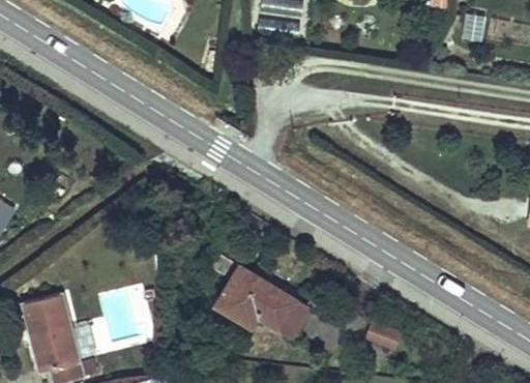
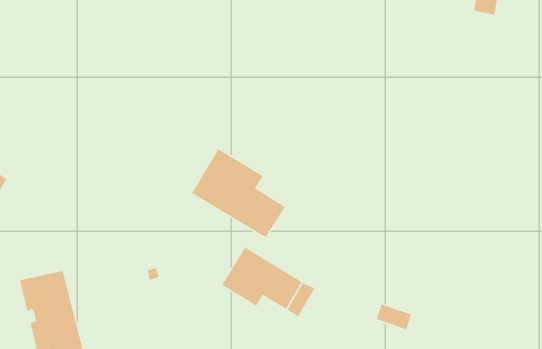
building: none -> [191,148,286,238]

